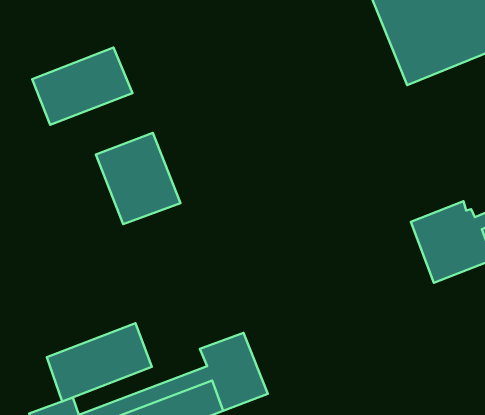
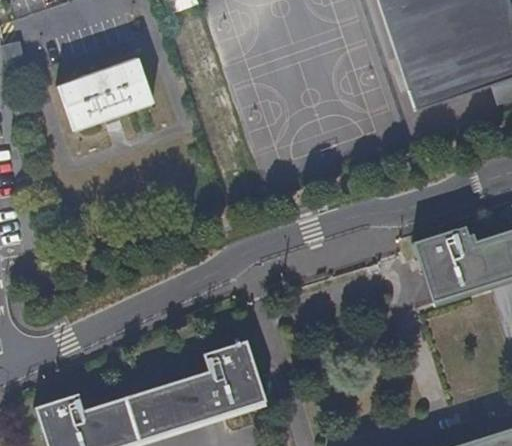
building: [96,133,181,224] -> none
building: [47,323,152,401] -> none

